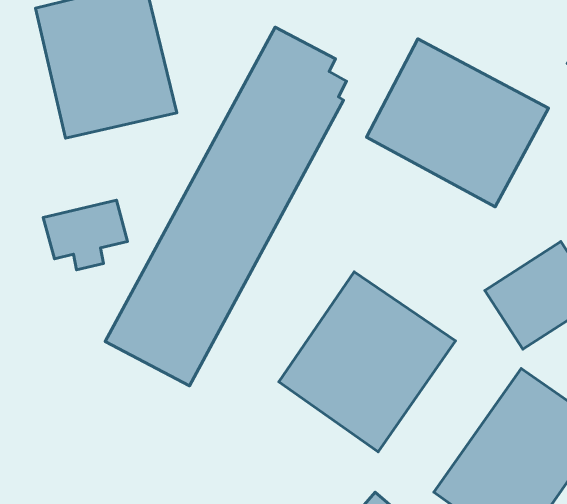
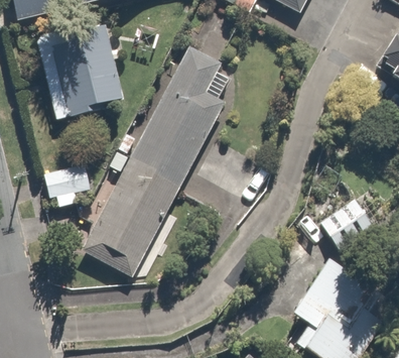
building: [367,39,549,207] -> none
building: [279,272,456,452] -> none

